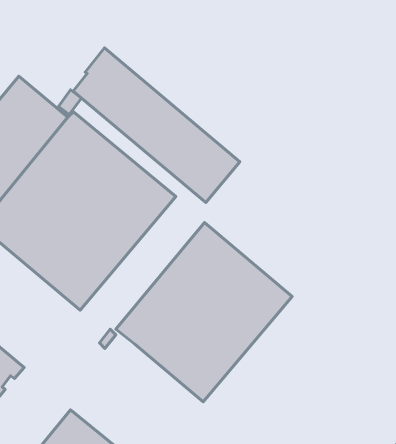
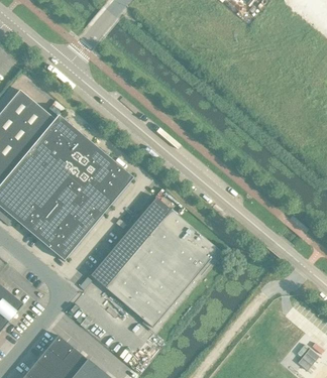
building: [73,48,240,202] -> none

